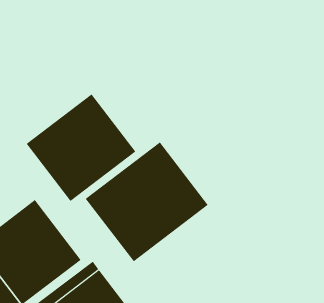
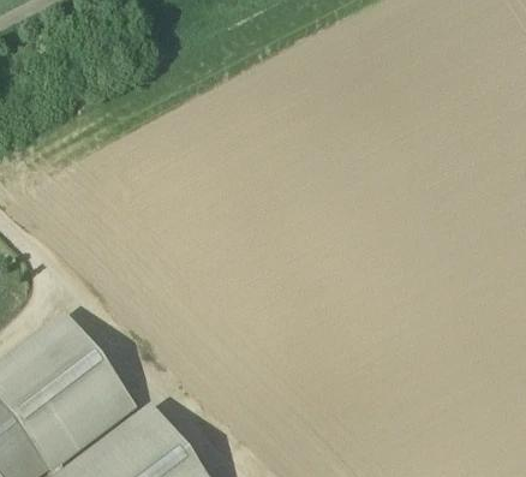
building: [26,93,136,202] -> none
building: [85,141,208,262] -> none

